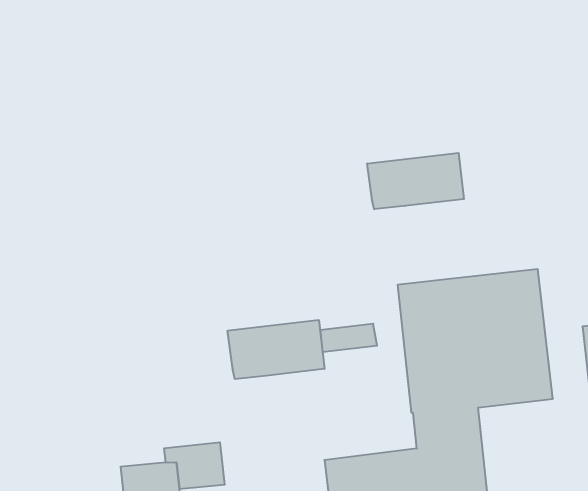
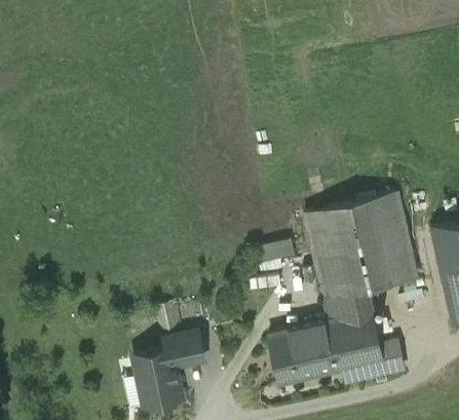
building: [367,153,464,209] -> none
building: [228,320,324,379] -> none

